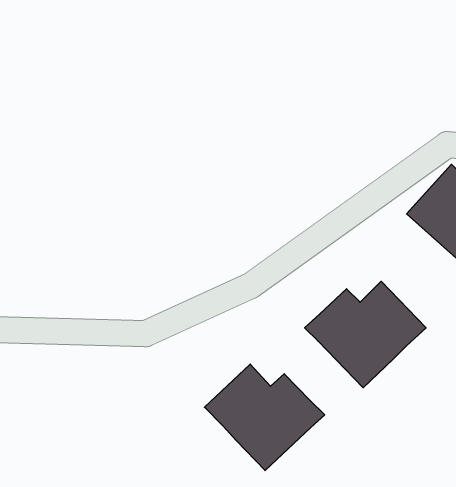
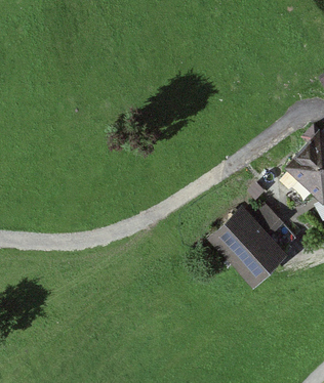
building: [204,364,325,471] -> none

